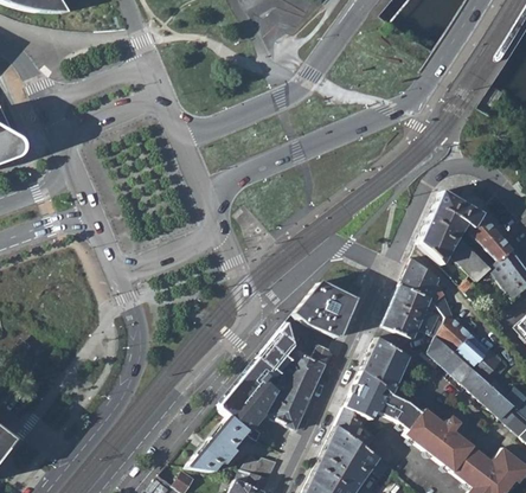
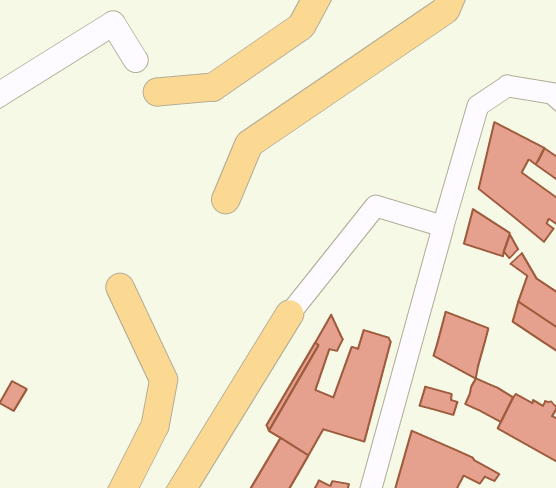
building: [296,281,355,337] -> none
building: [384,283,441,339] -> none
building: [353,369,394,411] -> none
building: [336,406,376,448] -> none

